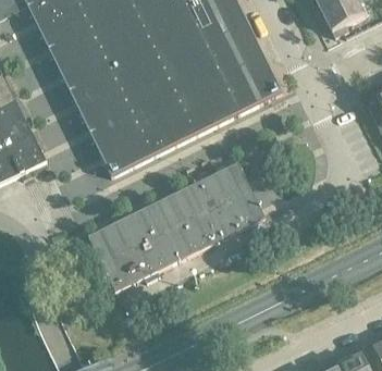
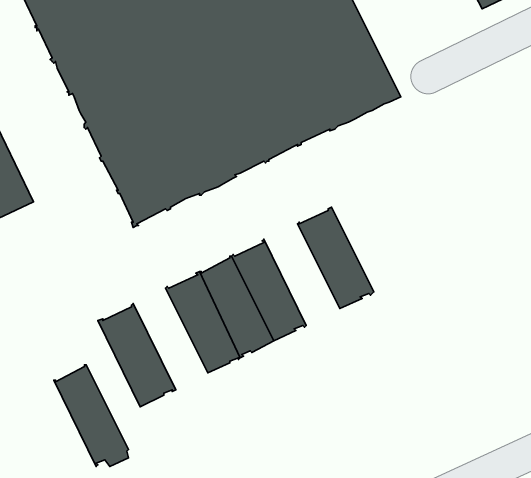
building: [194,174,243,239] -> none
building: [110,215,158,281] -> [54,365,128,466]

